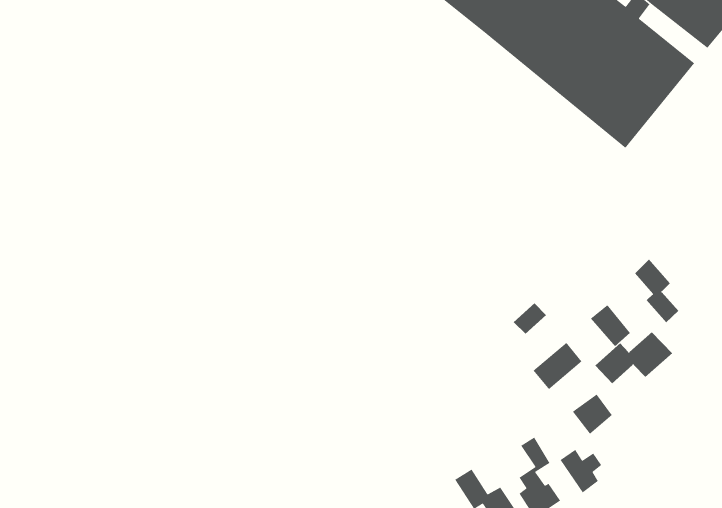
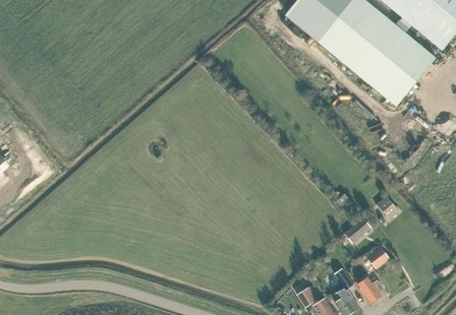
building: [634,259,679,323] -> none
building: [595,332,673,384] -> none

